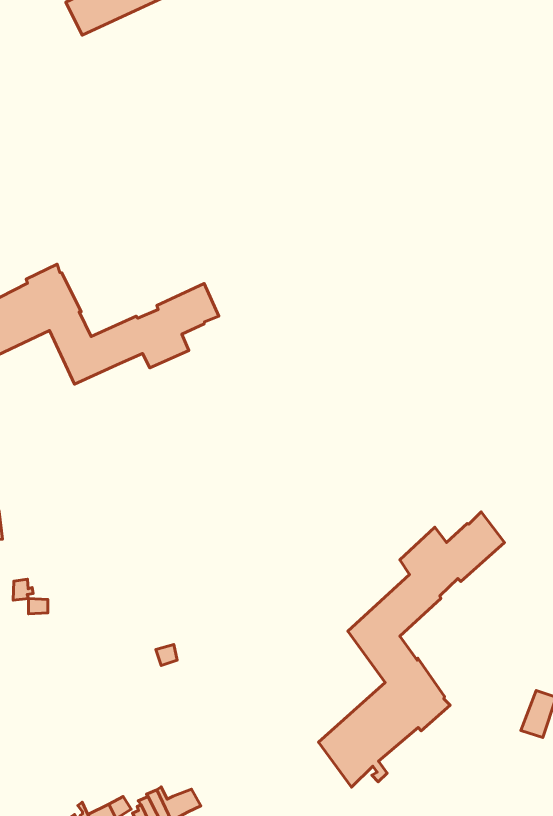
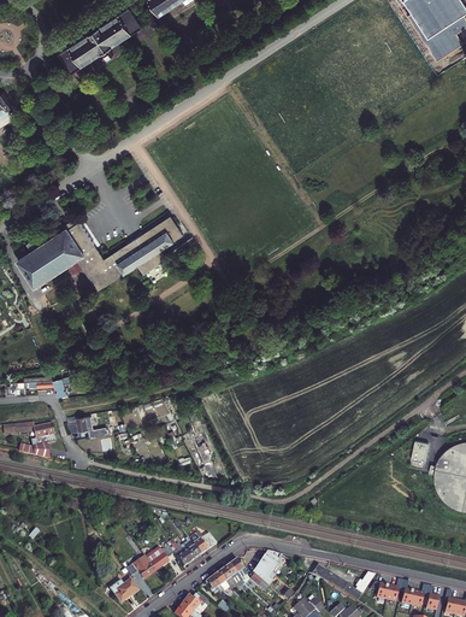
building: [319,512,504,787] -> none

